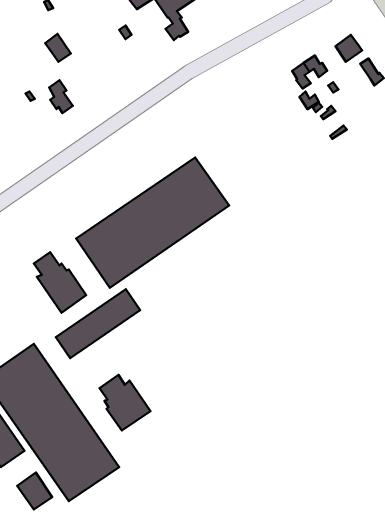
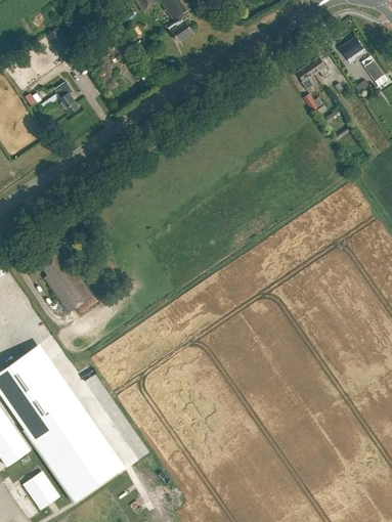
building: [76,157,229,288] -> none
building: [56,289,140,358] -> none
building: [100,375,150,431] -> none

